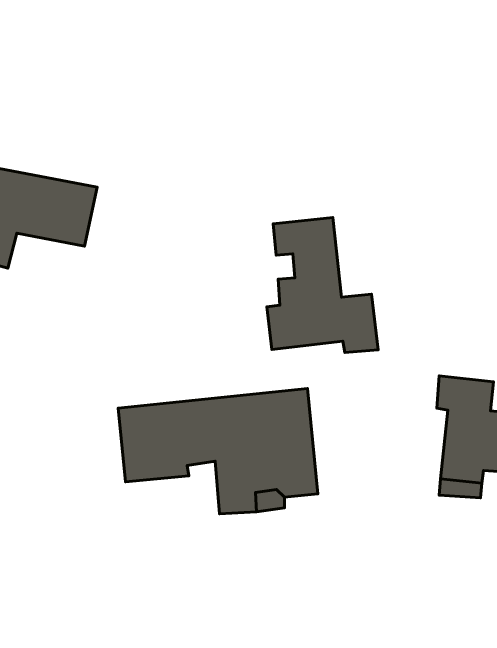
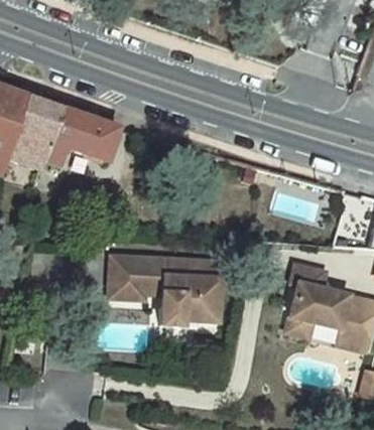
building: [267,218,378,353] -> none

